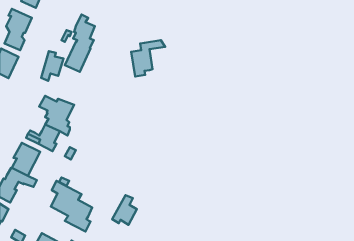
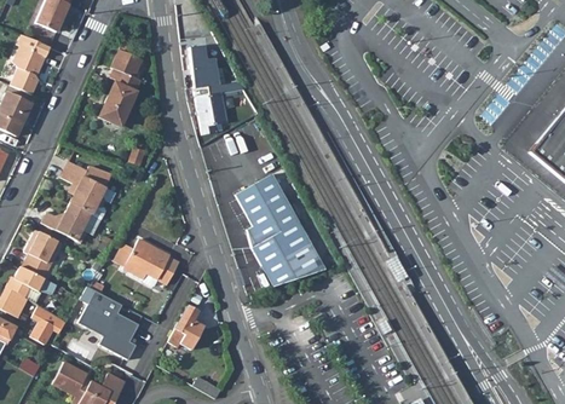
building: none -> [189,46,214,88]
building: [41,51,63,81] -> none
building: none -> [236,173,324,285]
building: none -> [123,239,179,284]
building: none -> [30,305,65,344]

